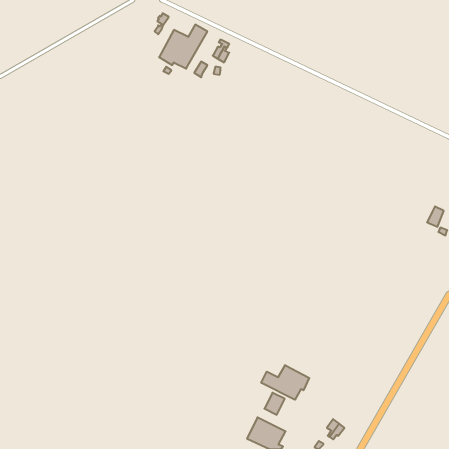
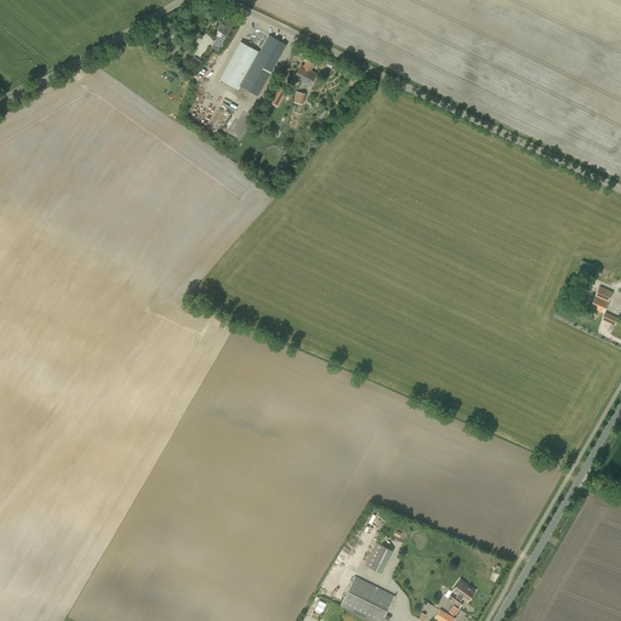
building: [261,365,309,400] -> none

